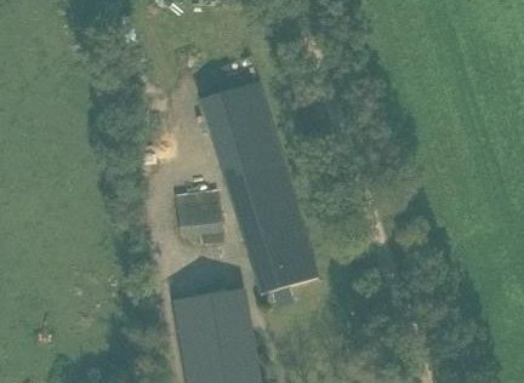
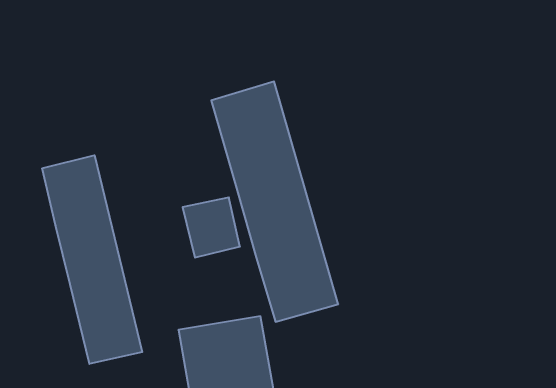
building: none -> [42,155,142,364]

